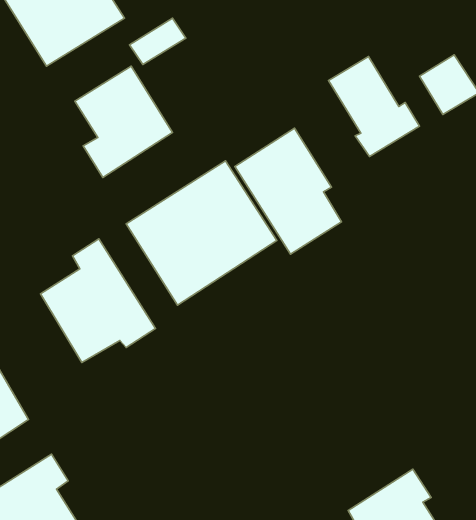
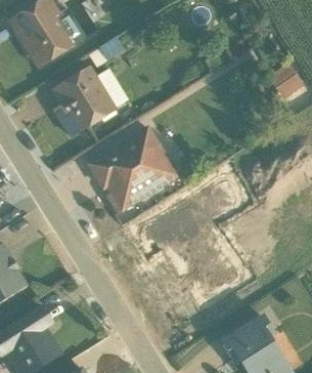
building: [329,57,419,157] -> none
building: [235,128,342,254] -> none
building: [40,239,155,362] -> none

